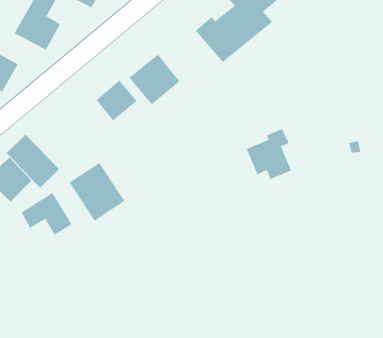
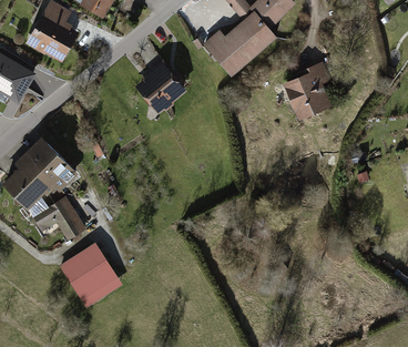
building: [96,80,138,121] -> none
building: [246,128,292,180] -> [287,63,332,113]
building: [69,162,125,221] -> [62,247,116,305]

